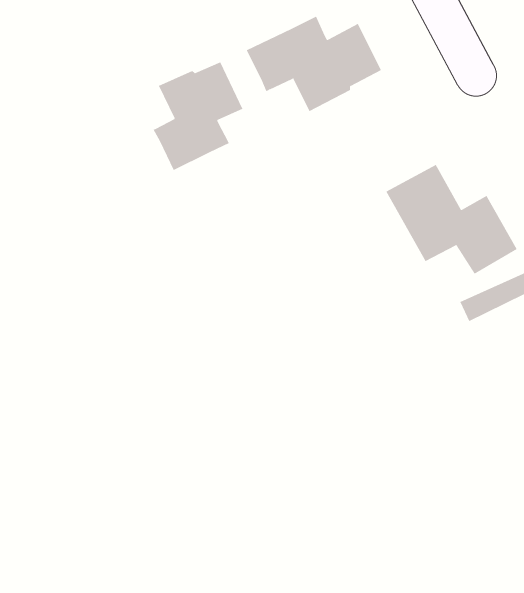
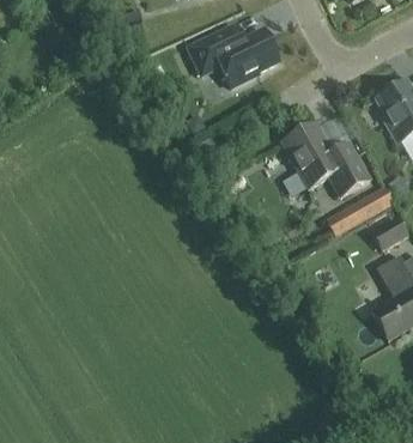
building: [153,62,243,171] -> none

